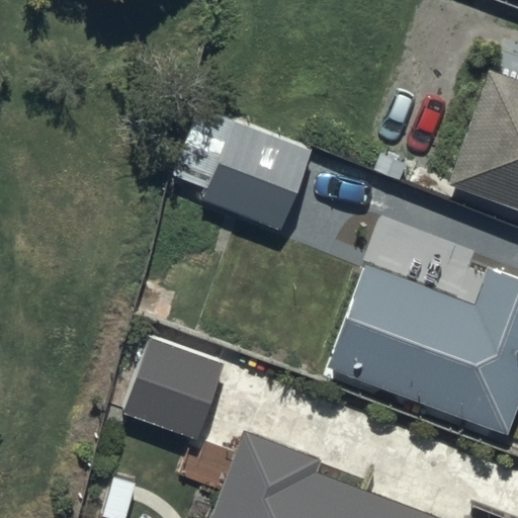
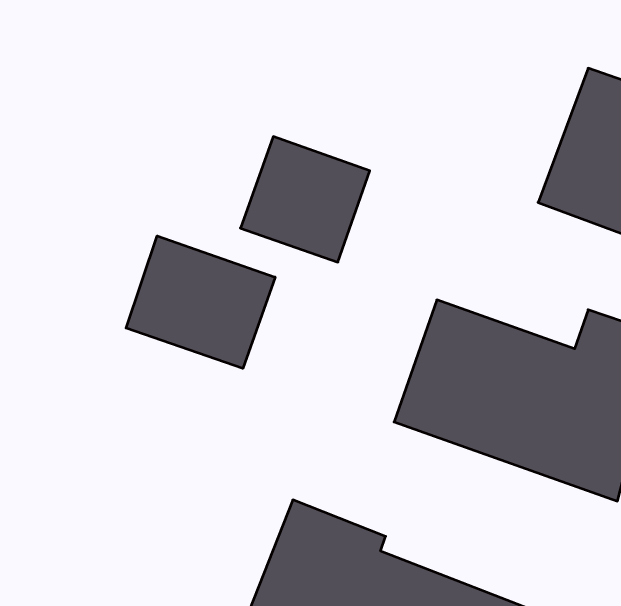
building: none -> [126,236,275,368]
building: [122,343,221,442] -> none

